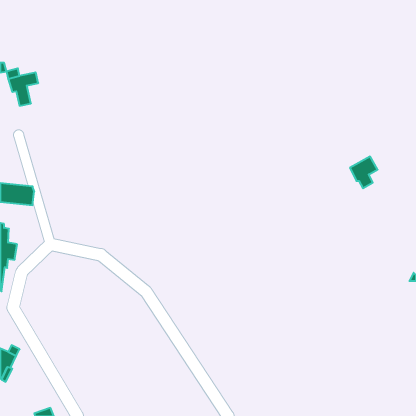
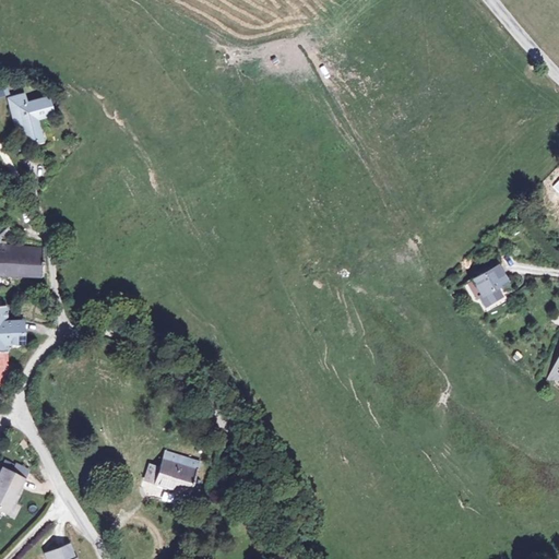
building: [350,157,378,188] -> [469,261,507,304]
building: none -> [146,452,201,496]

